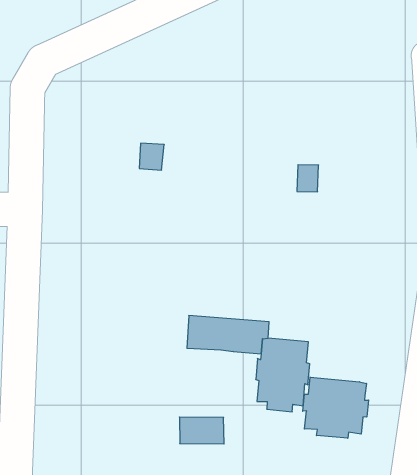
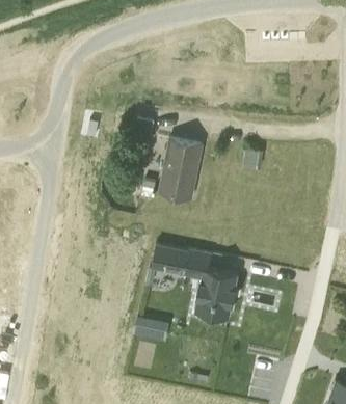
building: none -> [158,140,202,200]
building: [303,377,369,438] -> none

